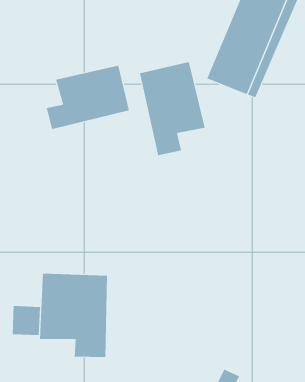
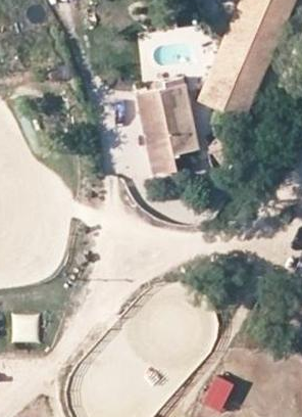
building: [46,65,129,130] -> none
building: [39,273,108,358] -> none

